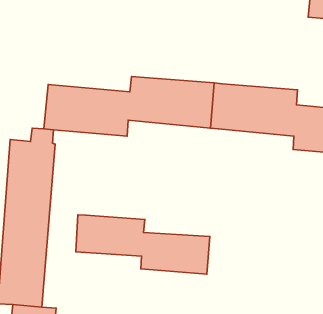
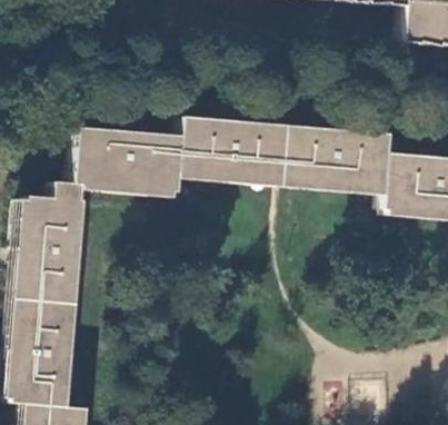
building: [76,215,210,274] -> none

